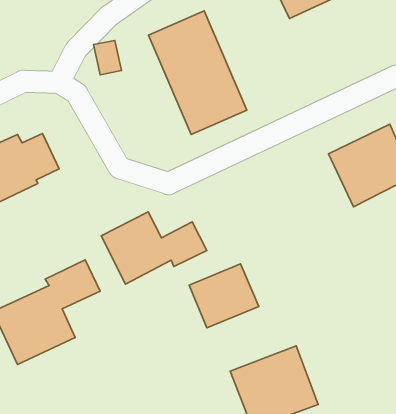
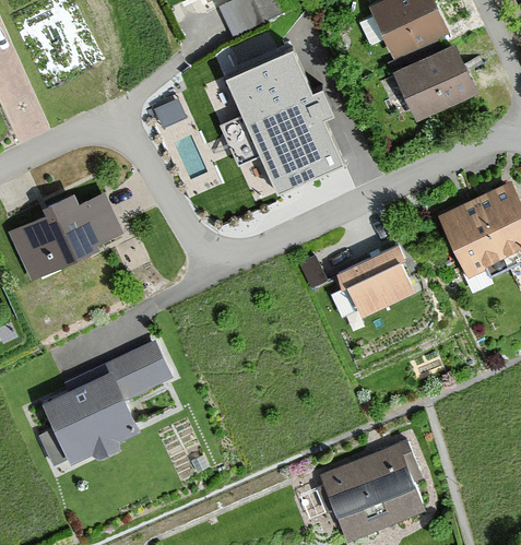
building: none -> [392,45,475,122]
building: [101,212,207,284] -> none
building: [189,264,259,328] -> [335,246,417,321]

